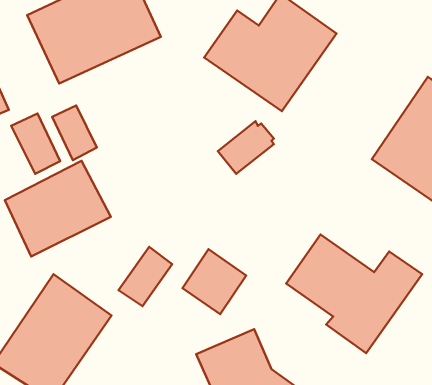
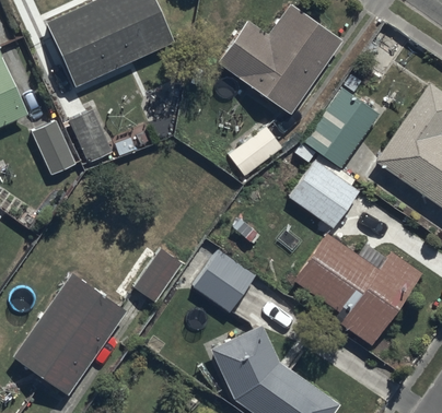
building: none -> [290,88,379,229]
building: [5,161,111,257] -> none

